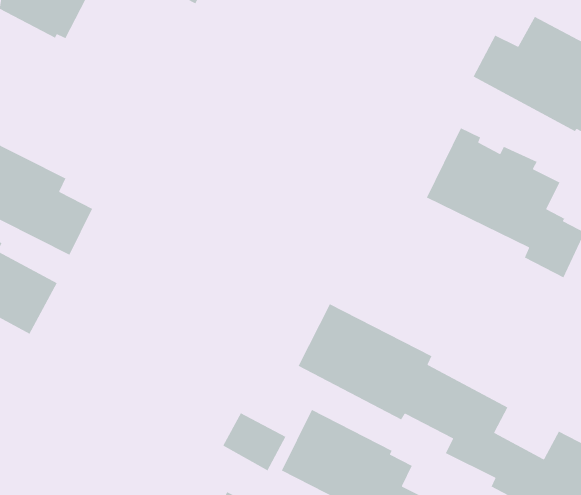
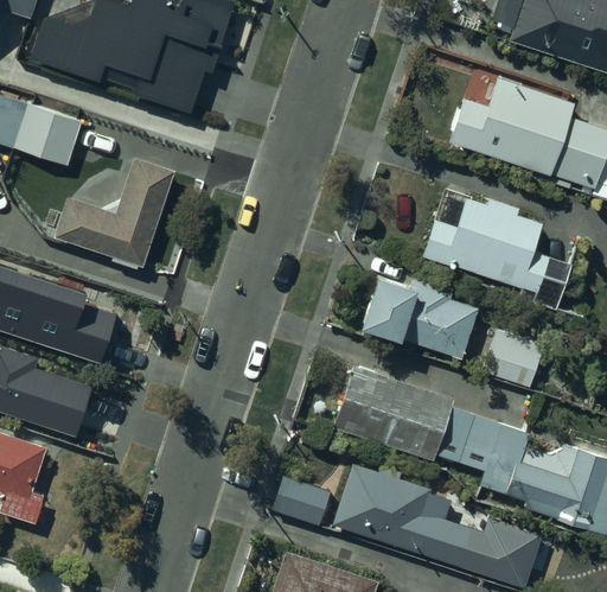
building: none -> [53,158,173,269]
building: none -> [349,278,478,358]
building: none -> [484,330,549,388]

